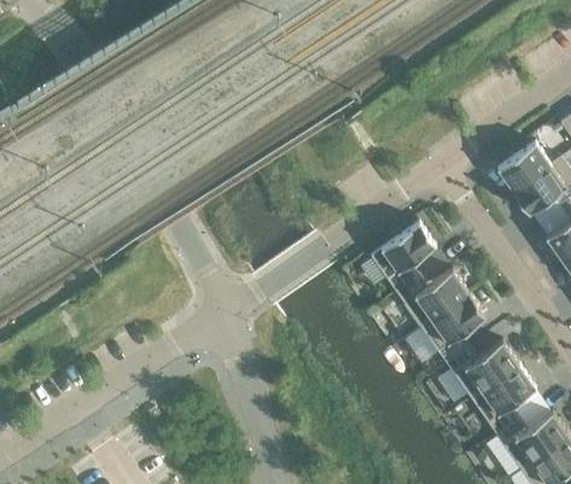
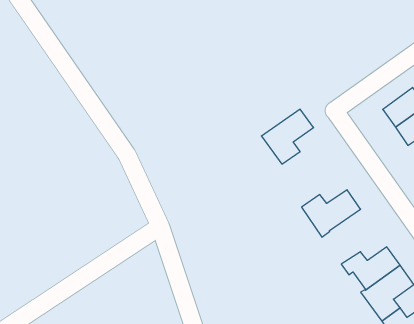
building: [371,222,436,291] -> [261,109,314,164]
building: [431,293,485,362] -> none

